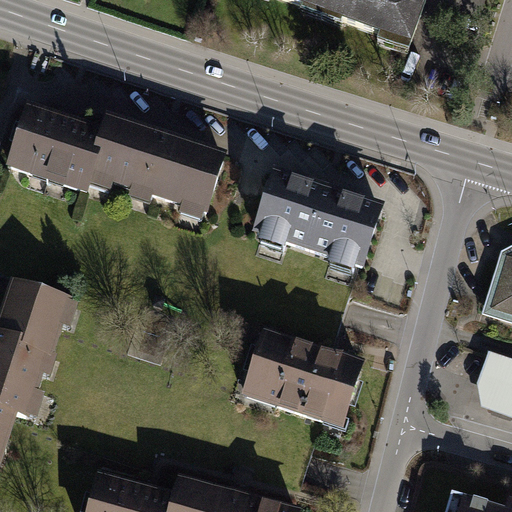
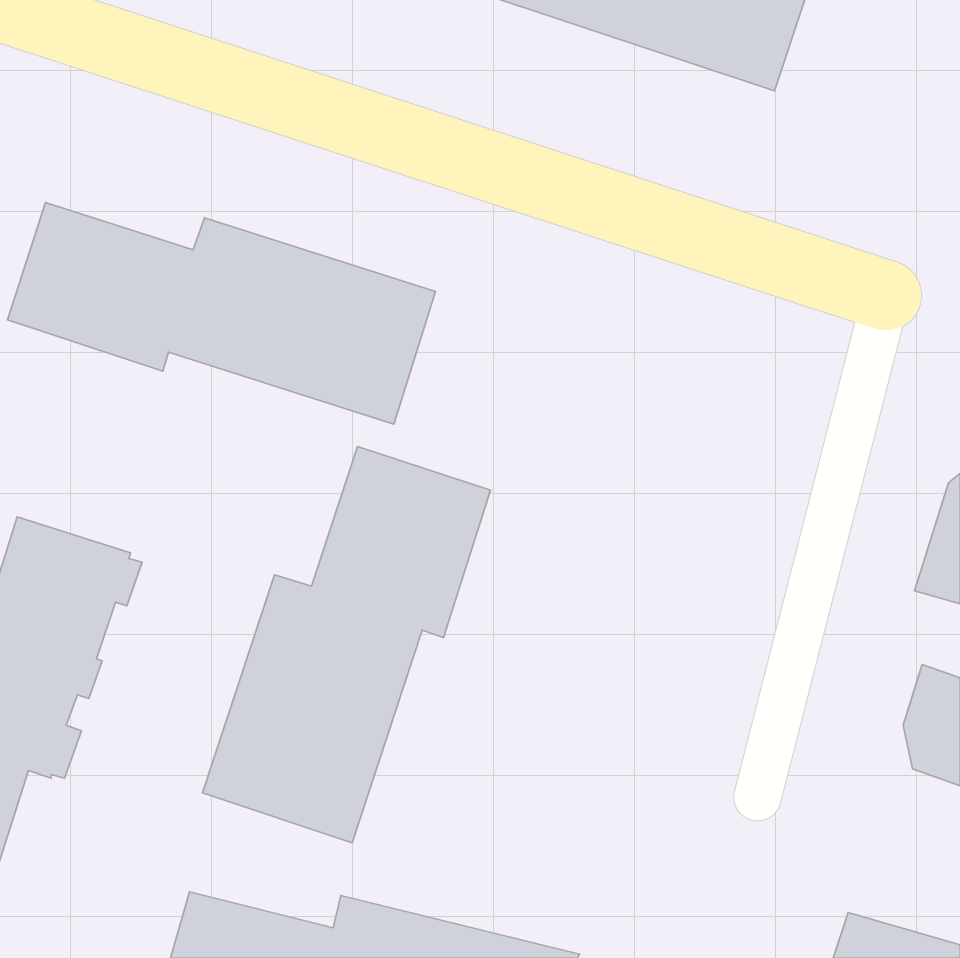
building: [249,171,381,271] -> none
building: none -> [203,447,490,843]
building: [246,328,368,427] -> none

